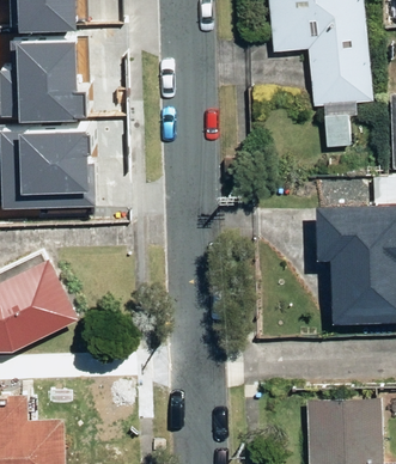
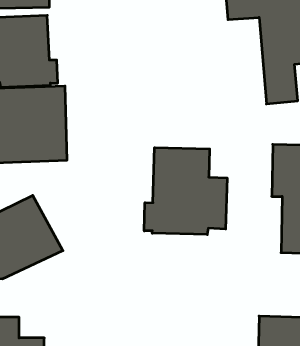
building: none -> [144,148,227,235]

